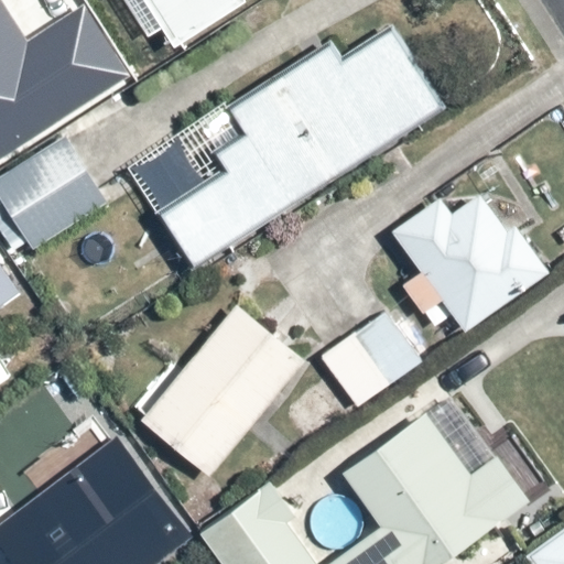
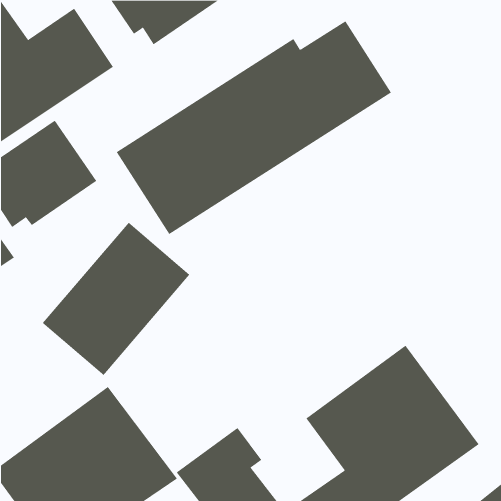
building: [393,195,545,330] -> none
building: [137,303,303,476] -> [42,222,190,376]
building: [321,306,423,405] -> none

